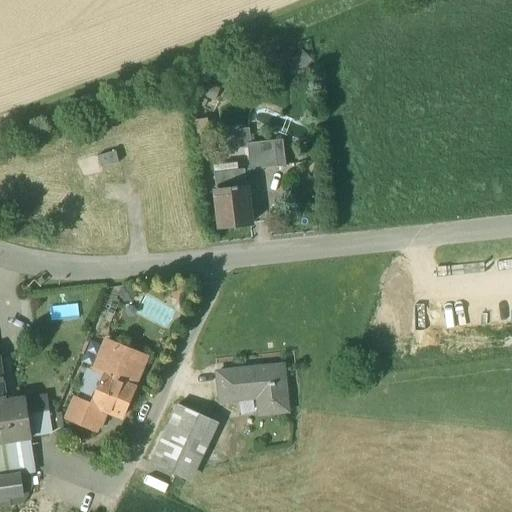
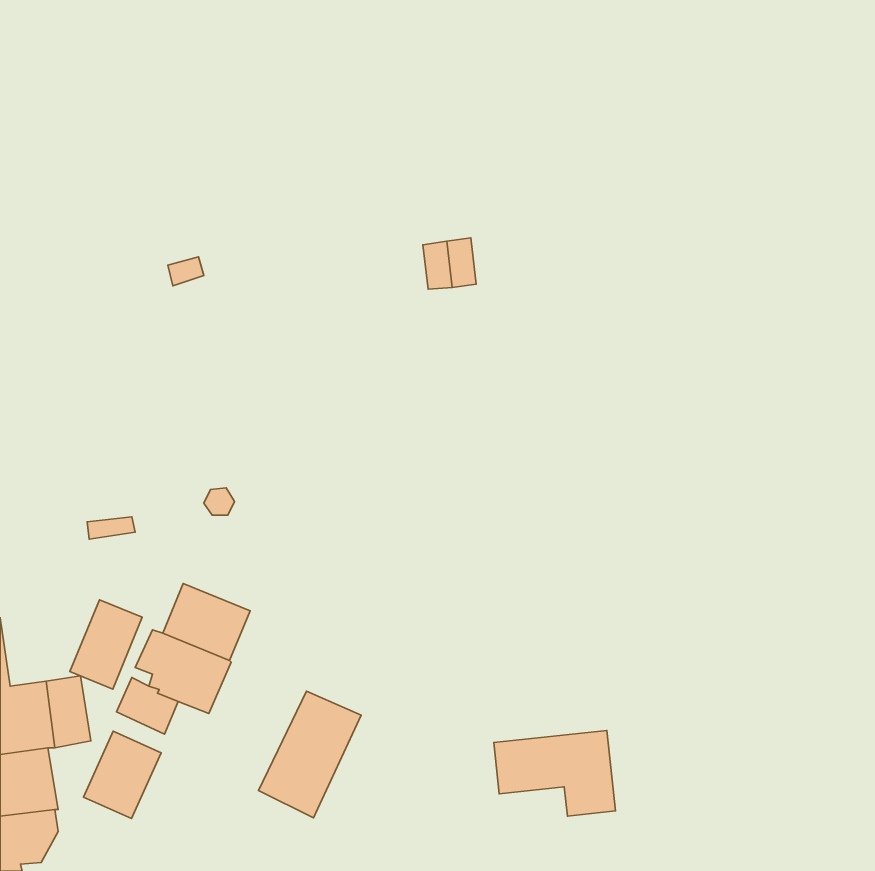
building: [215,168,251,226] -> none
building: none -> [70,600,142,689]
building: [217,364,288,414] -> [494,731,615,816]
building: none -> [83,731,161,819]

